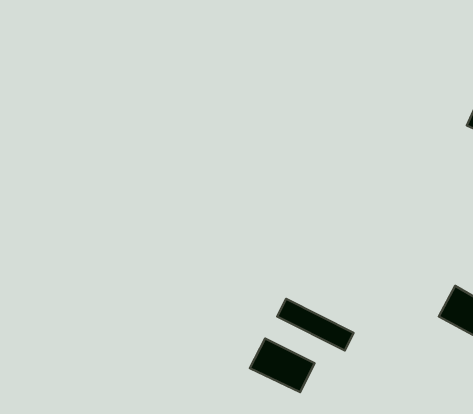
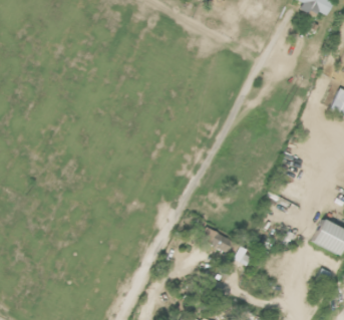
building: [250,338,314,392] -> none

